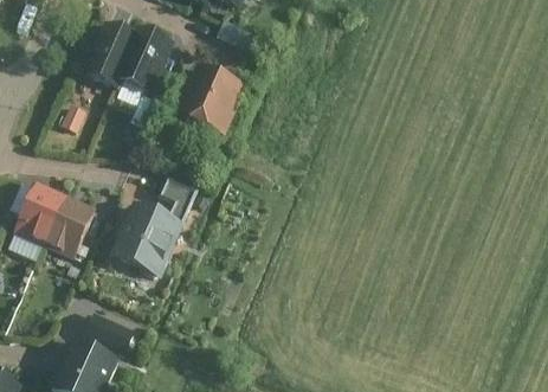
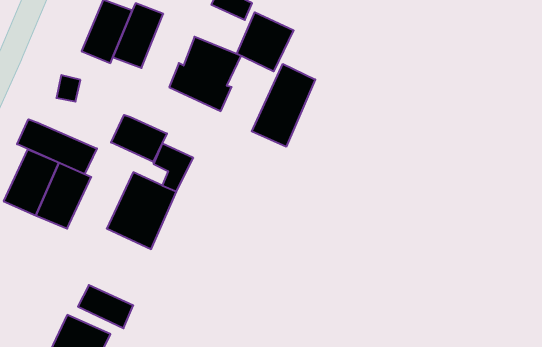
building: none -> [237,12,294,71]
building: none -> [252,64,315,147]
building: none -> [111,115,167,162]
building: none -> [17,119,97,174]

